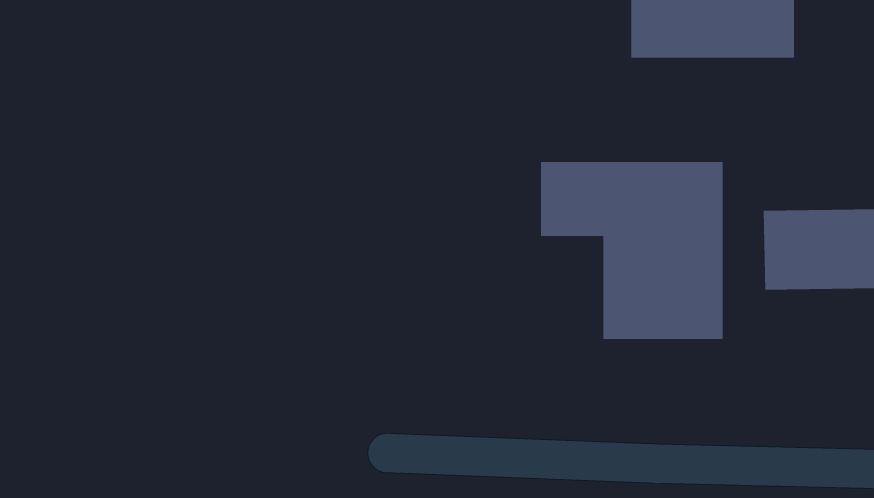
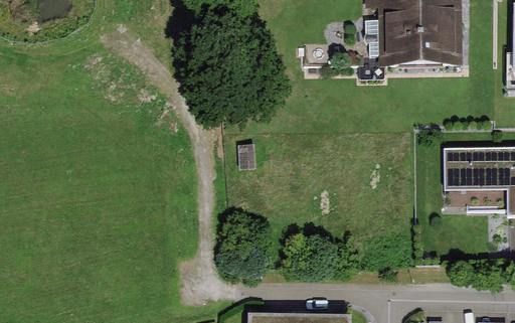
building: [540,161,723,340] -> none

